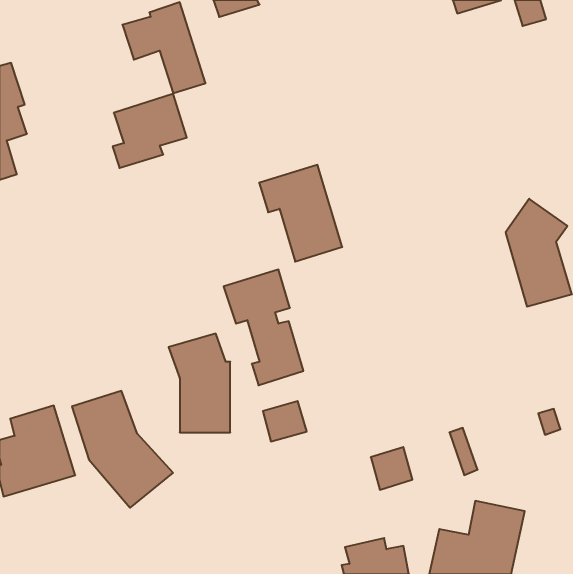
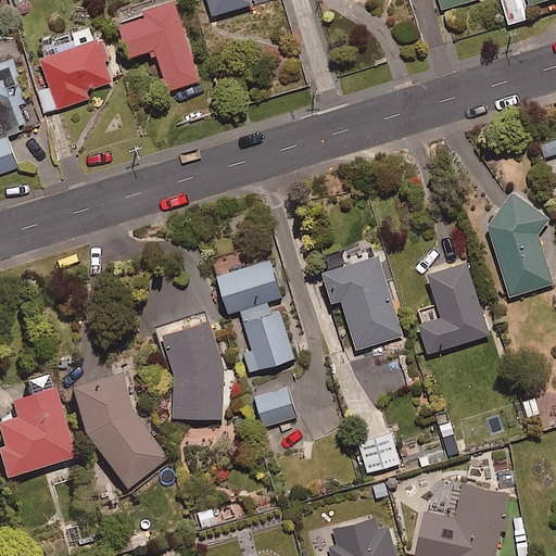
building: [113,94,187,168] -> [39,40,111,112]
building: [259,165,342,262] -> [321,256,402,350]
building: none -> [419,263,489,353]

